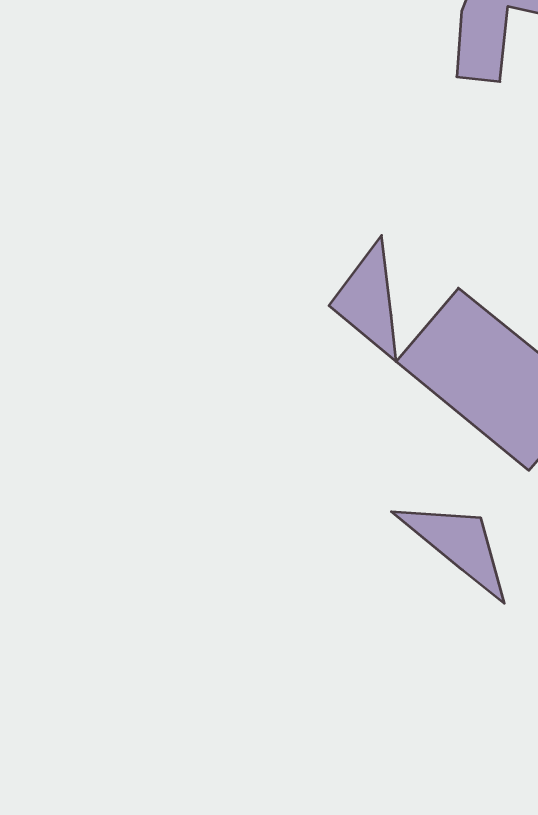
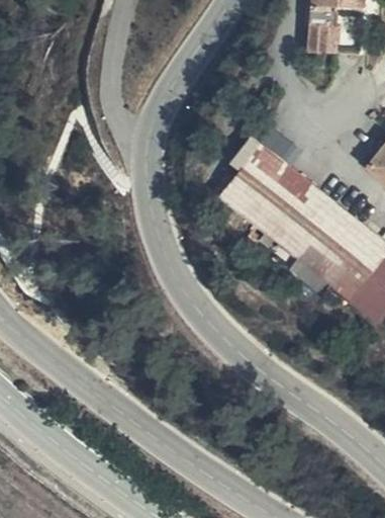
building: none -> [259,147,307,230]
building: [391,512,504,603] -> none

